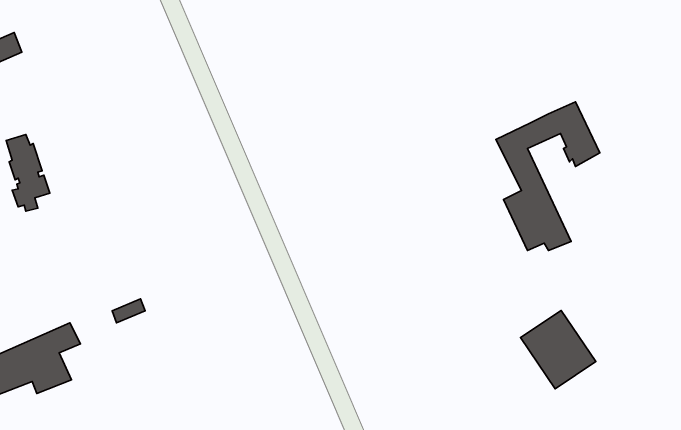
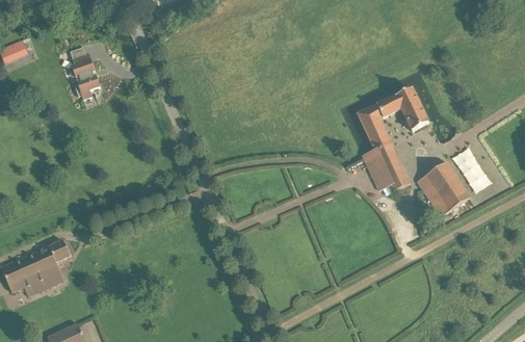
building: [6,135,50,211] -> [73,47,103,100]
building: [521,311,596,389] -> [418,162,470,216]

